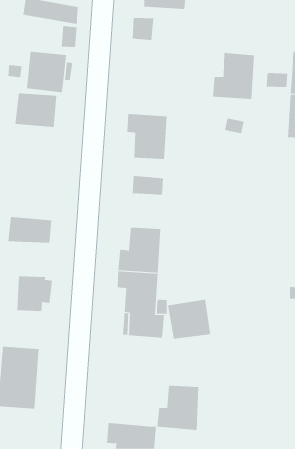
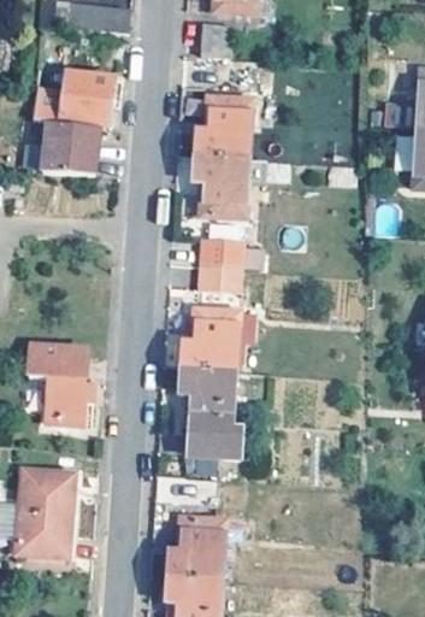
building: [212,52,255,100] -> [193,95,250,159]
building: none -> [196,264,241,293]
building: [8,217,52,243] -> [25,341,85,377]
building: [167,299,211,340] -> none
building: [157,385,199,431] -> [166,518,224,580]

